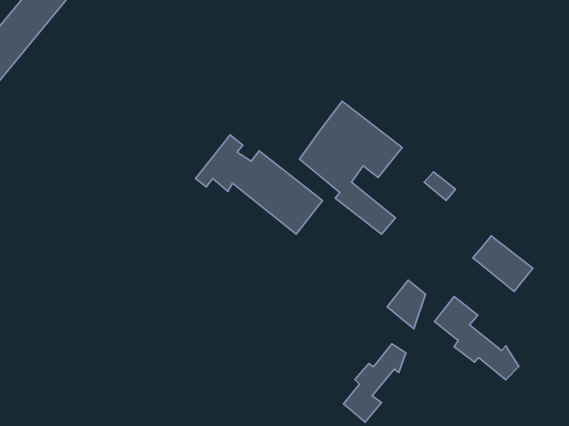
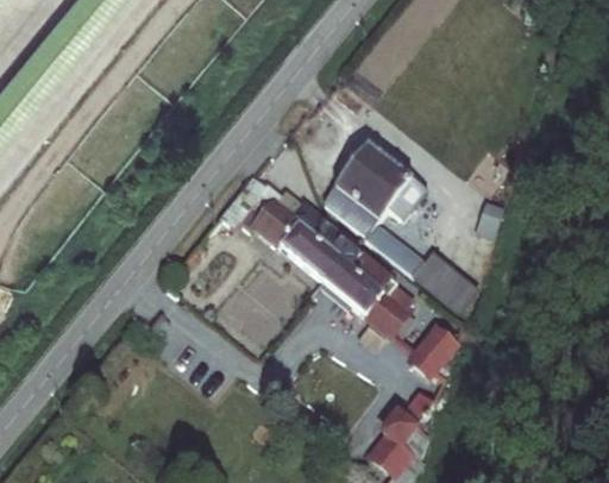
building: none -> [319,242,416,337]
building: [473,236,533,291] -> [407,253,469,310]
building: [434,296,519,380] -> none

